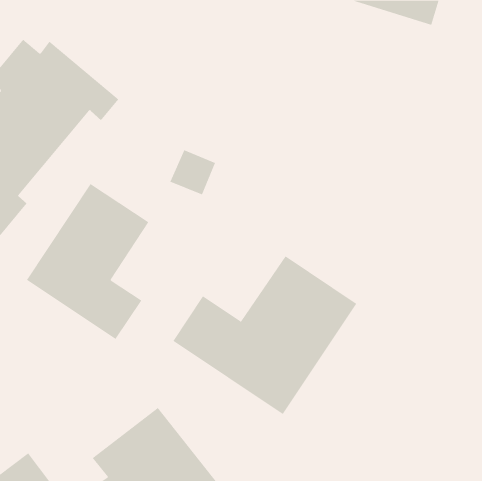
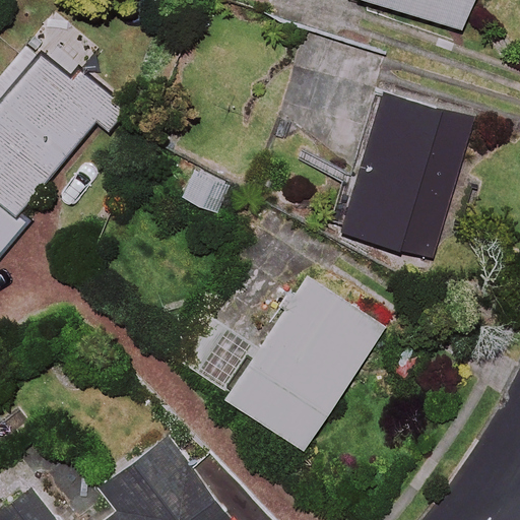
building: none -> [340,92,471,258]
building: [26,183,149,340] -> none

